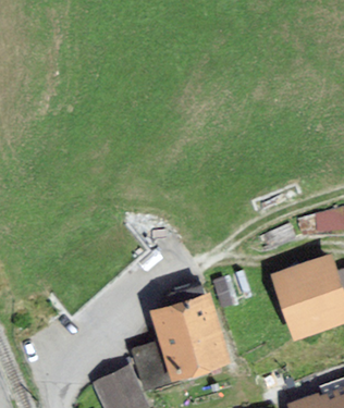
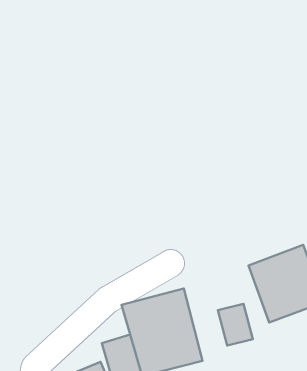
building: none -> [218,304,253,345]

